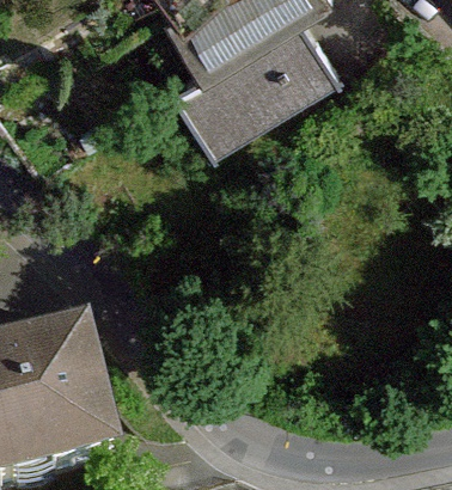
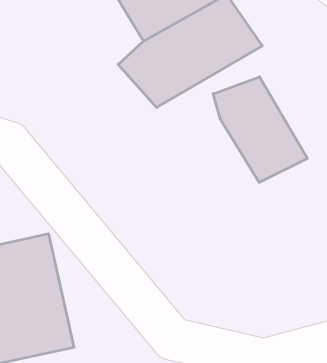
building: none -> [213,77,307,182]

